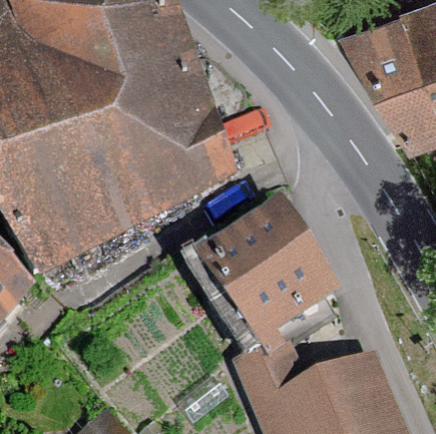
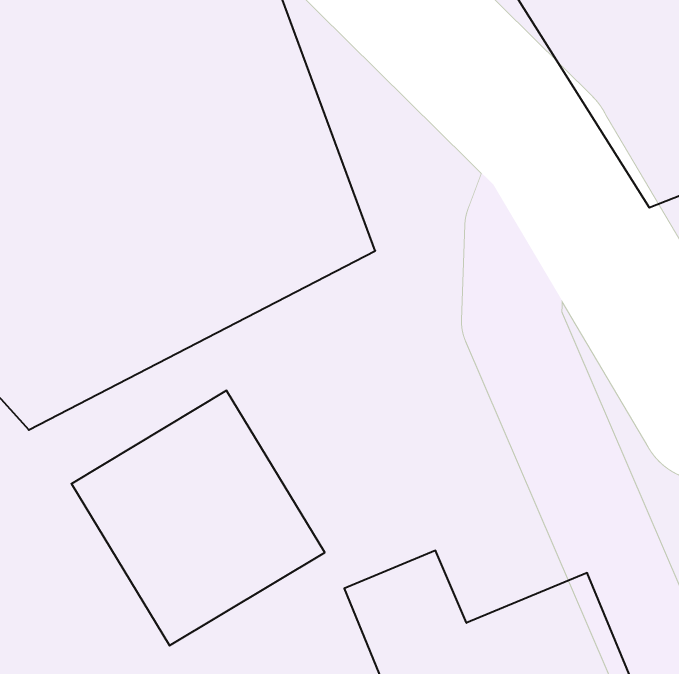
building: [181,207,329,356] -> [71,391,325,646]

